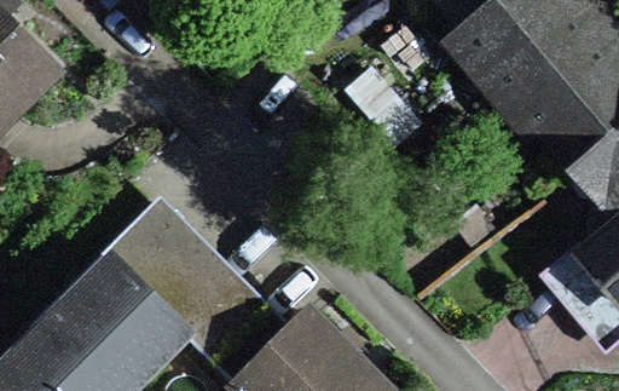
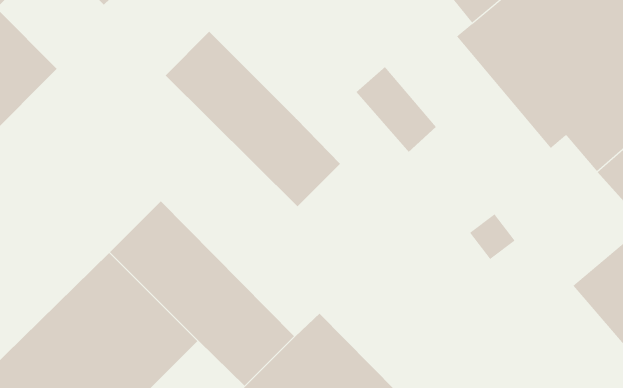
building: none -> [165,31,341,207]

